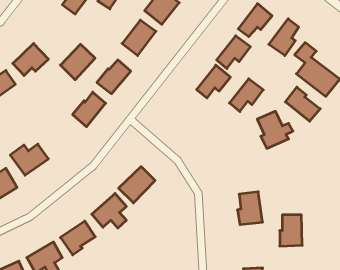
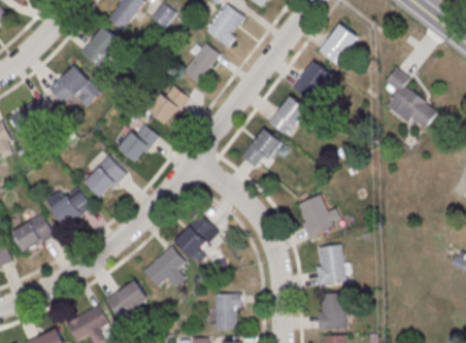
building: [269,19,299,56] -> none
building: [60,44,95,80] -> [80,26,122,68]
building: [229,79,263,112] -> [241,127,281,166]
building: [285,87,320,121] -> none
building: [257,111,293,148] -> [298,194,340,238]
building: none -> [85,156,127,198]
building: [280,215,302,246] -> [319,293,345,330]
building: none -> [214,293,241,329]

